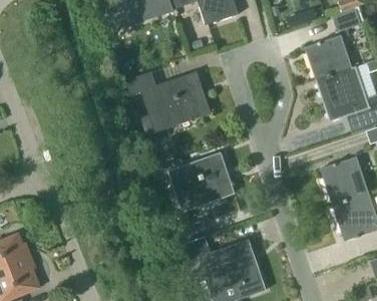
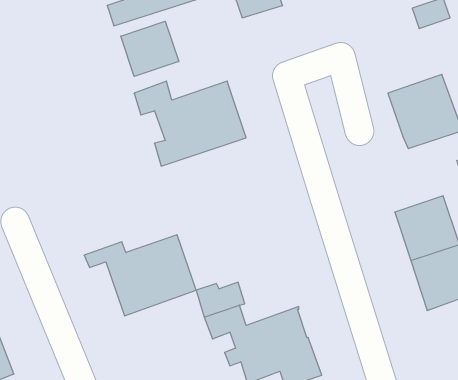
building: none -> [121,21,179,76]
building: [304,35,352,80] -> none
building: [152,153,236,213] -> [84,235,196,316]

